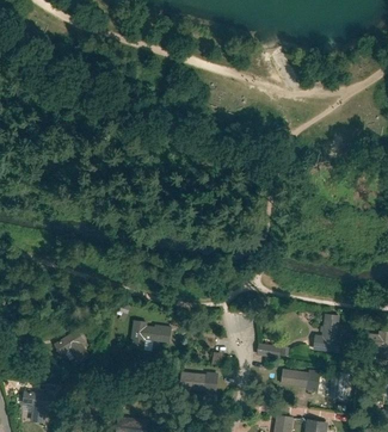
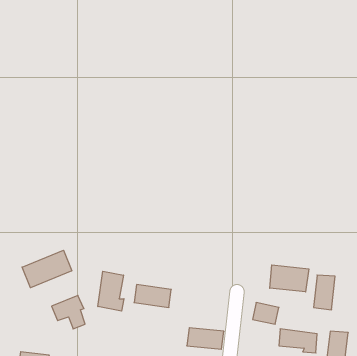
building: none -> [22,250,72,288]
building: none -> [270,265,309,292]
building: none -> [98,271,124,311]

